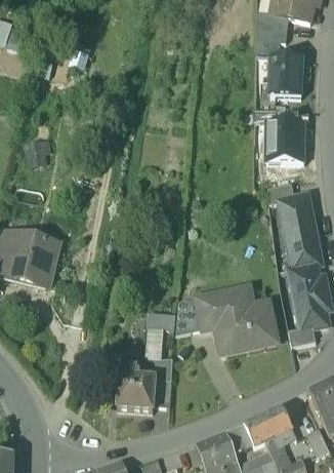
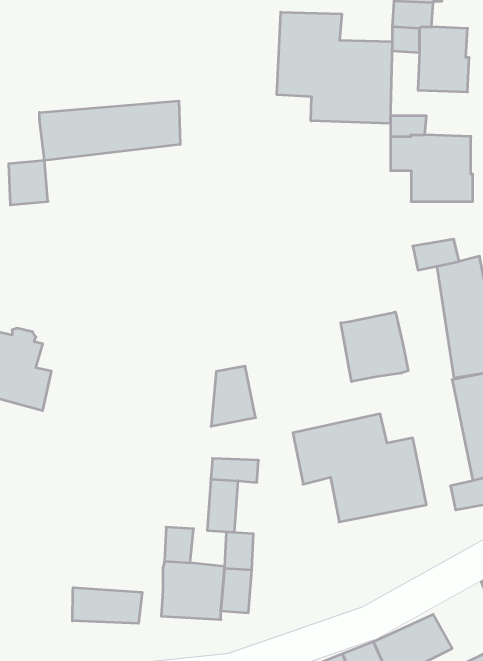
building: none -> [277,12,392,124]
building: none -> [39,101,180,160]
building: none -> [341,312,408,382]
building: [176,300,203,336] -> [211,366,256,426]
building: none -> [72,588,142,623]

